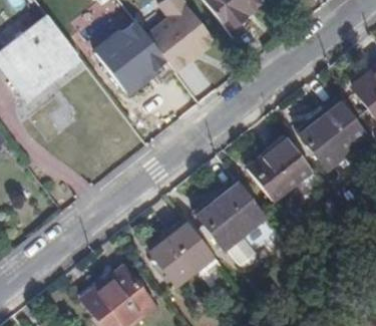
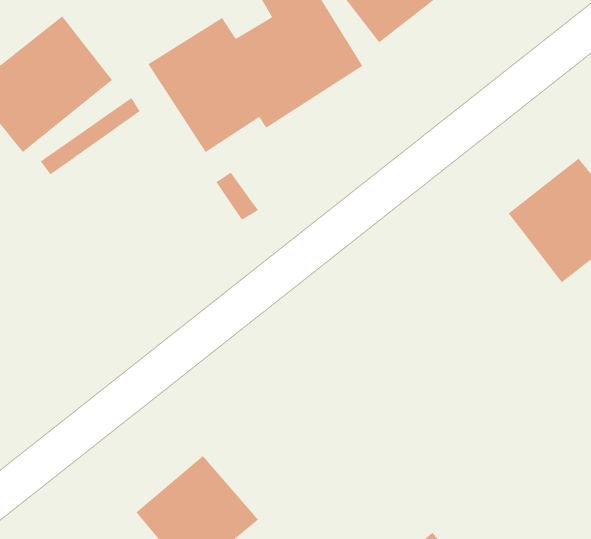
building: [251,138,314,202] -> none
building: [197,180,279,268] -> none
building: [150,222,215,288] -> none

